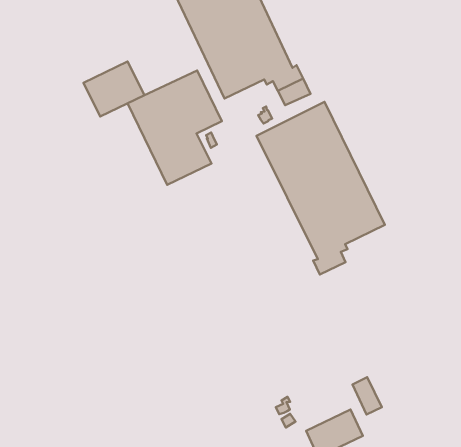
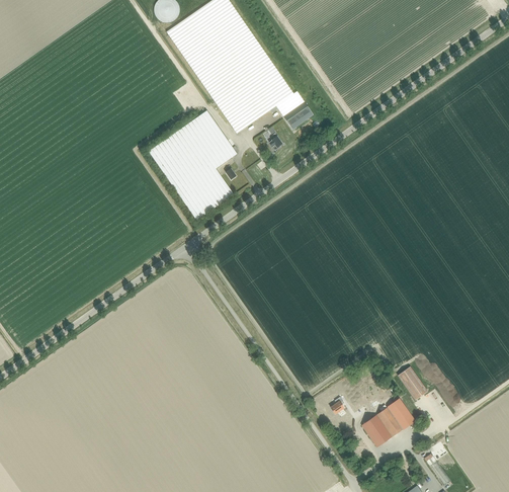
building: [83,61,144,116] -> none
building: [257,102,385,275] -> none

